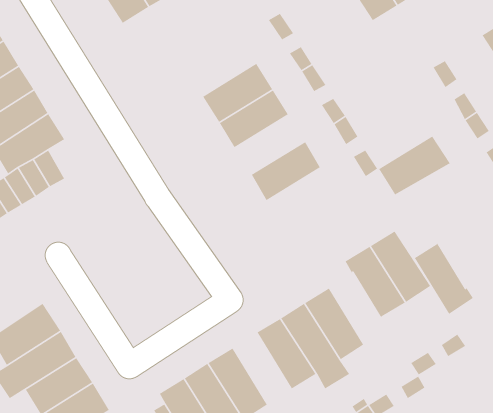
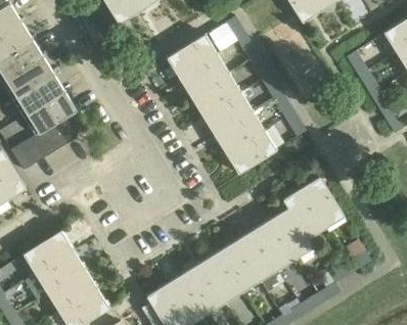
building: none -> [166,33,218,78]
building: none -> [201,91,254,135]
building: [378,135,451,195] -> [225,130,278,174]
building: [414,242,474,315] -> [271,206,315,260]
building: none -> [200,250,243,304]

